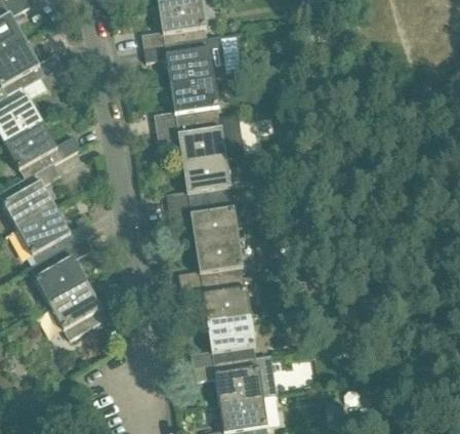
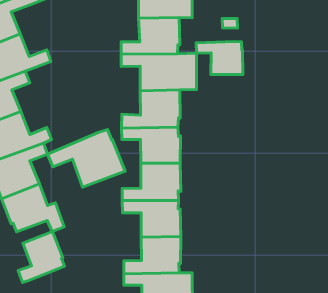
building: none -> [196,42,243,75]
building: none -> [48,130,125,187]
building: none -> [18,231,65,283]

